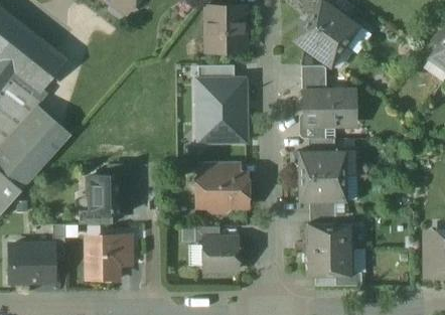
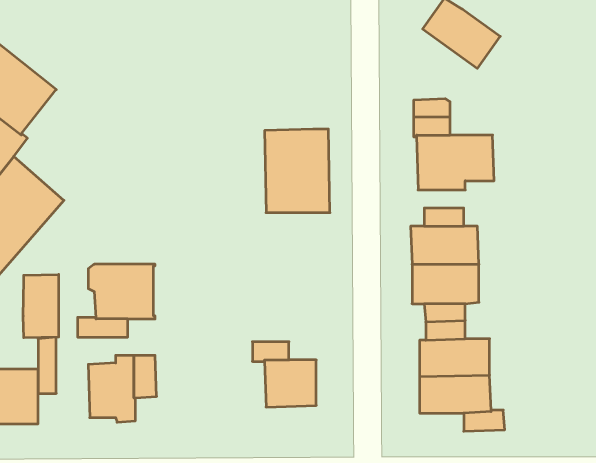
building: [205,6,244,51] -> none
building: [293,20,343,66] -> none
building: [197,65,235,88] -> none
building: [196,163,246,211] -> none
building: none -> [23,274,59,338]

